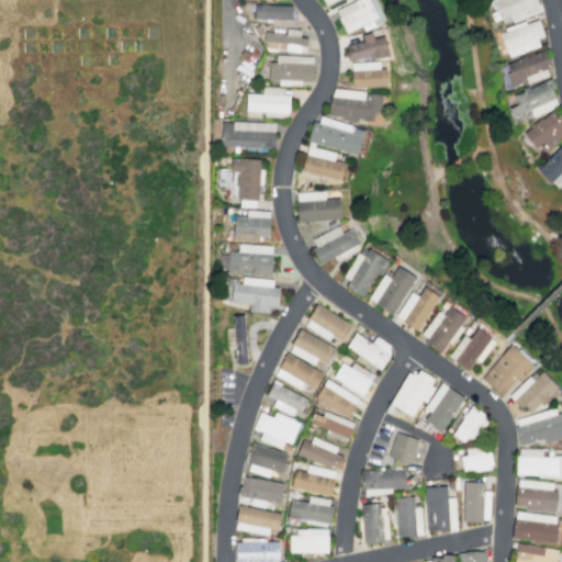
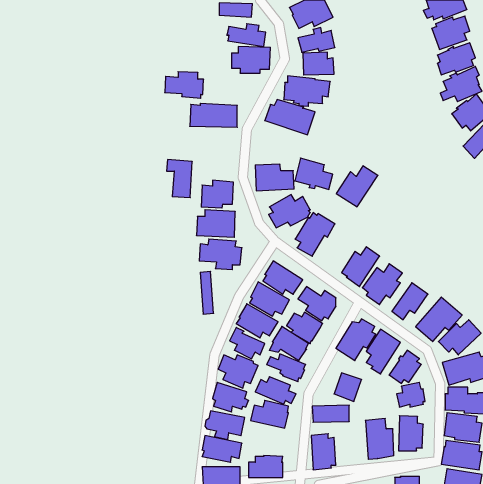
building: [247,87,292,117] -> [165,72,204,98]
building: [303,145,347,181] -> [295,158,333,189]
building: [232,158,261,202] -> [167,160,192,198]
building: [369,267,417,314] -> [336,166,378,207]
building: [288,496,334,527] -> none
building: [396,496,425,538] -> none

